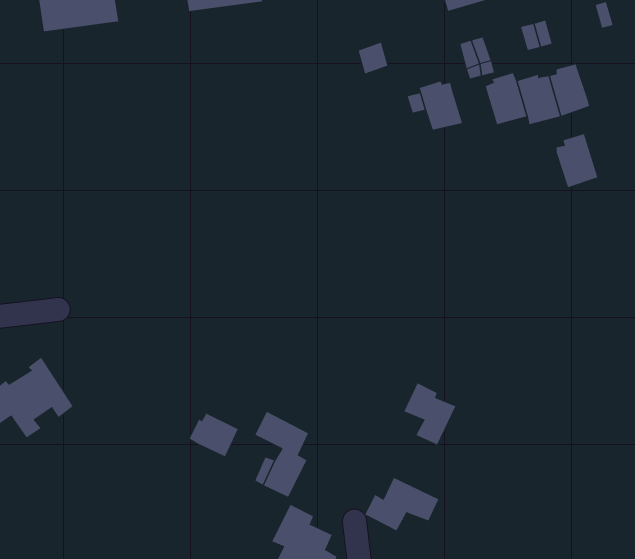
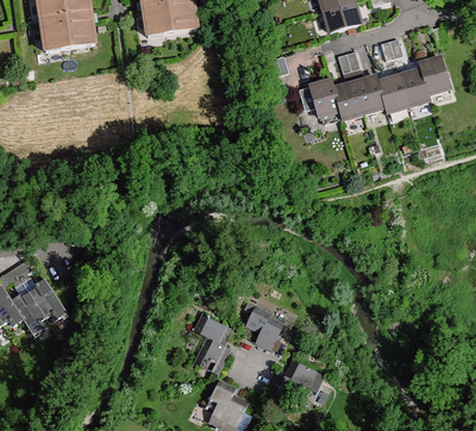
building: none -> [332,85,363,120]
building: [556,134,598,188] -> [419,57,449,95]
building: [404,383,456,445] -> [245,306,282,350]
building: [189,413,239,457] -> none

